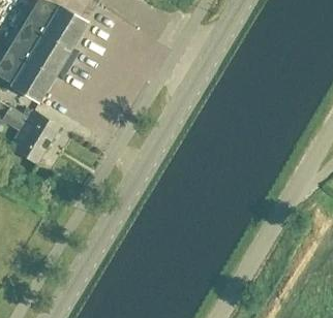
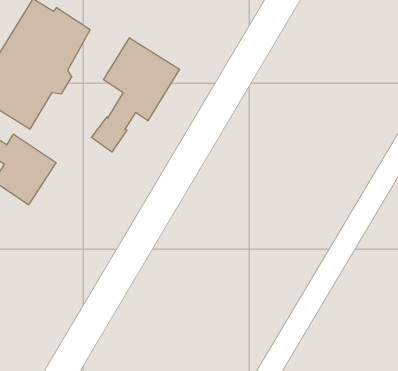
building: none -> [92,38,180,152]

